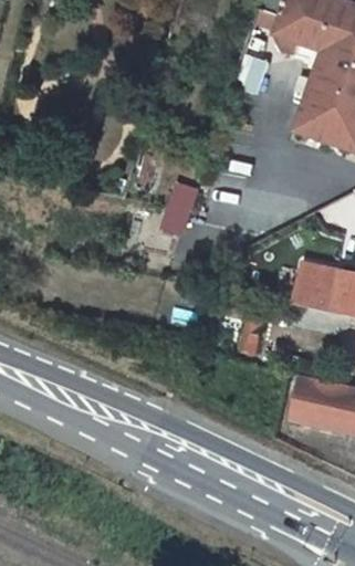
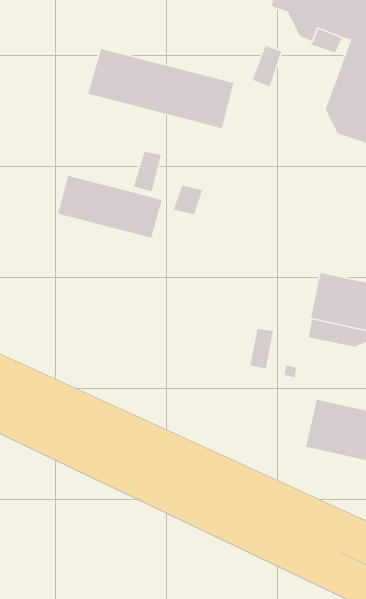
building: none -> [87,48,234,129]
building: none -> [57,175,163,238]

